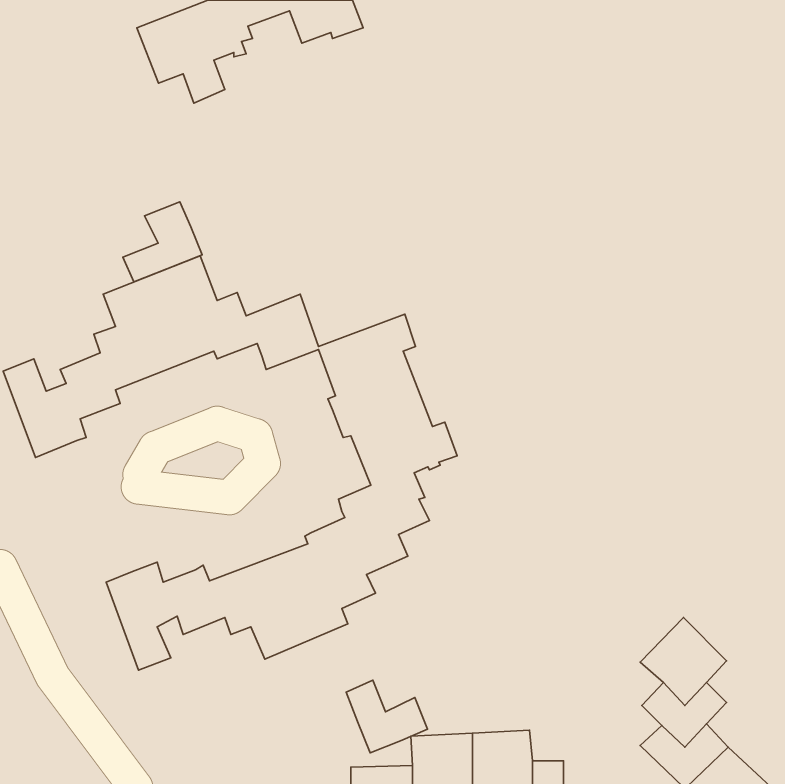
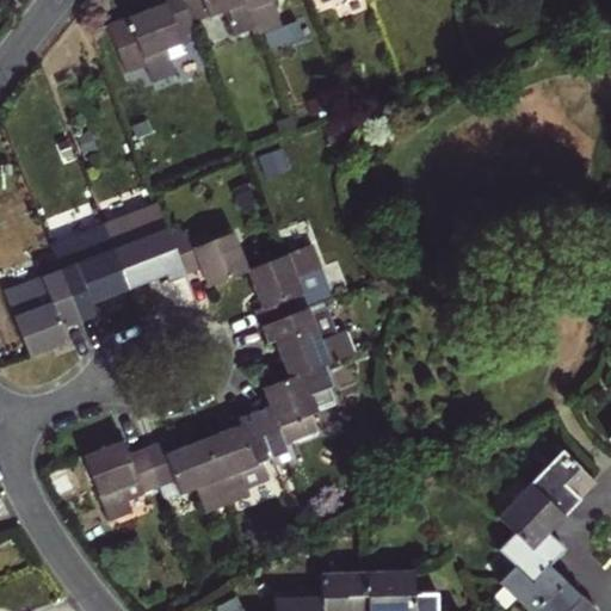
building: [123,202,202,282] -> none
building: none -> [531,449,597,514]
building: [346,680,427,753] -> none

